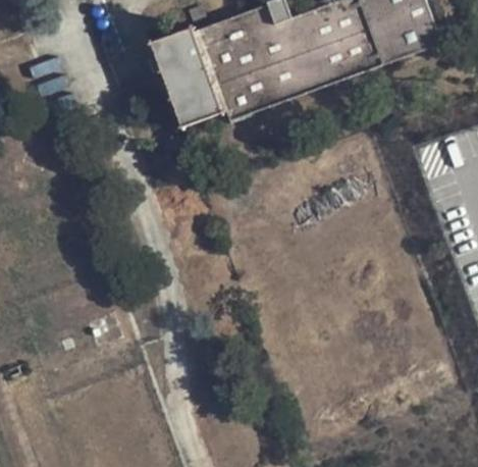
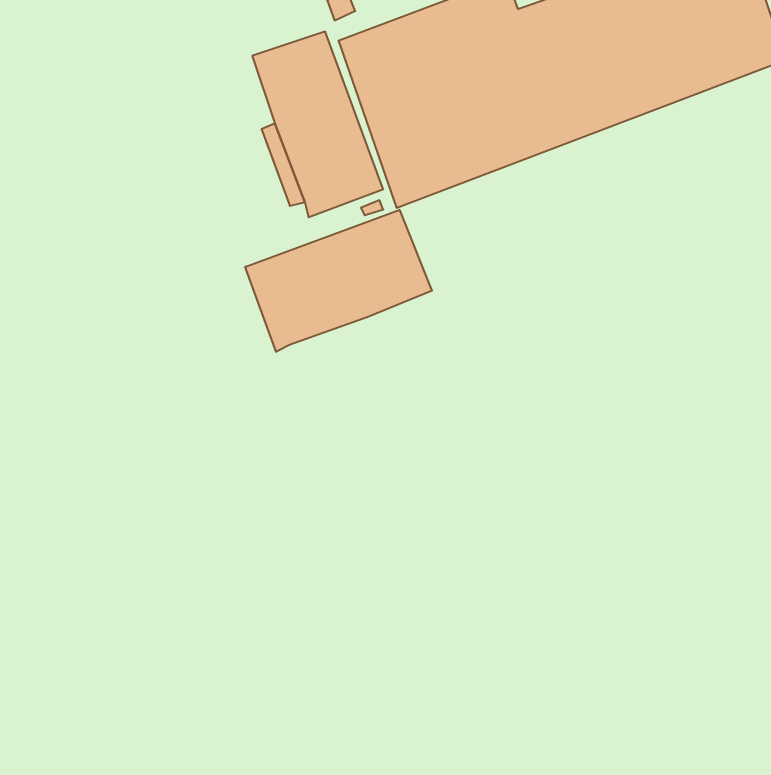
building: none -> [245,210,432,352]

